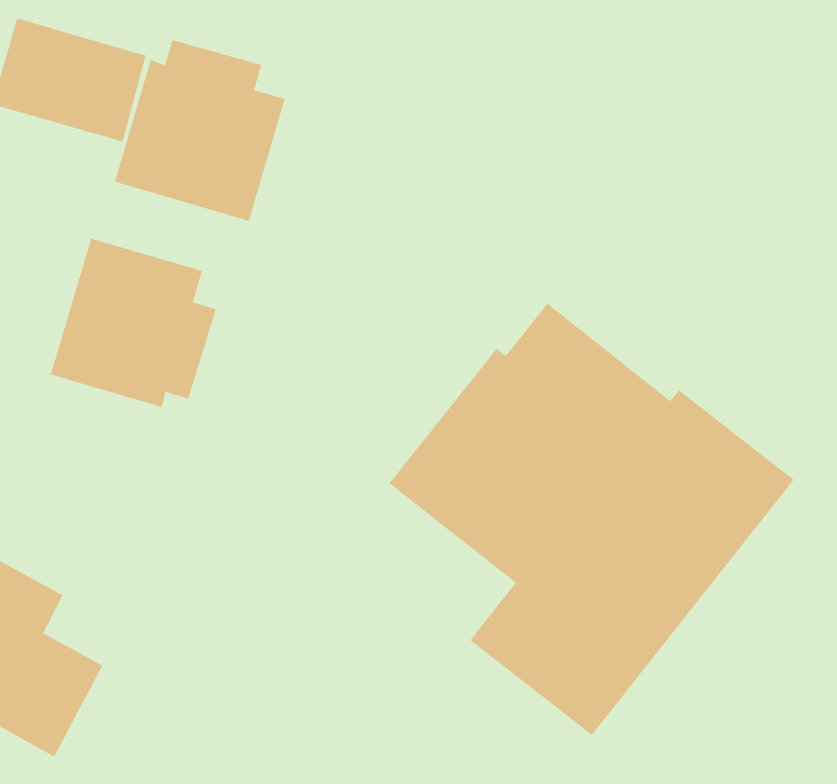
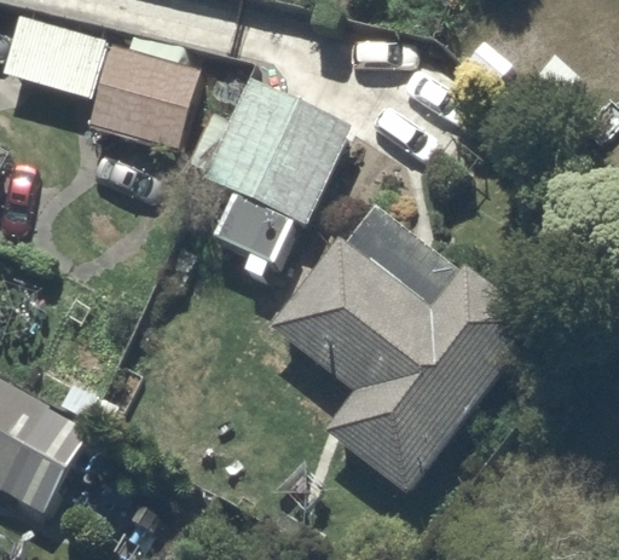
building: none -> [186,75,352,279]
building: [50,238,216,408] -> none

